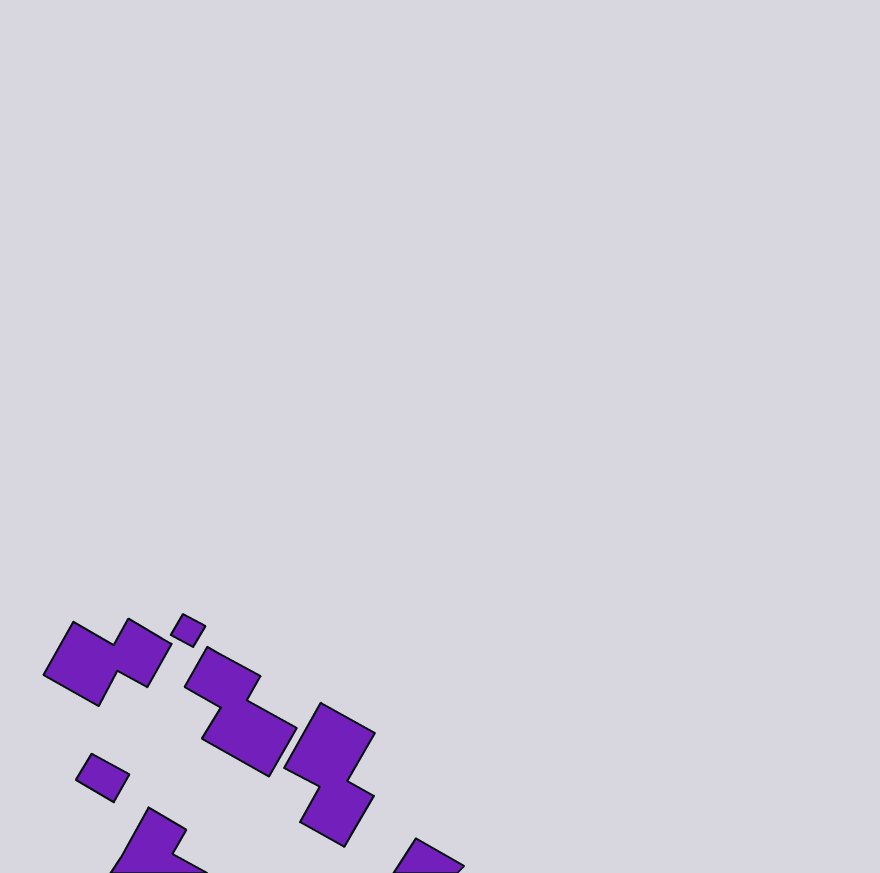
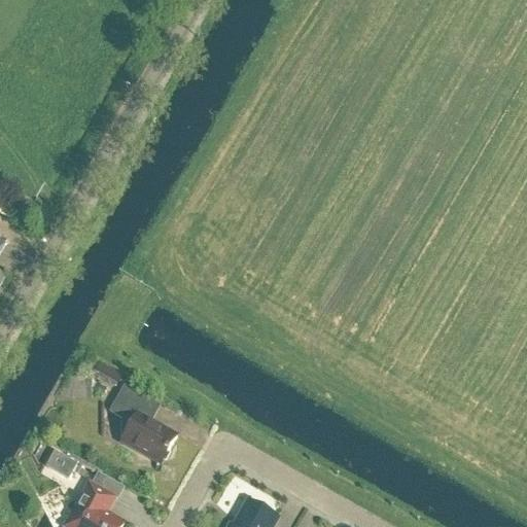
building: [44,619,172,706] -> none
building: [284,703,375,847] -> none

